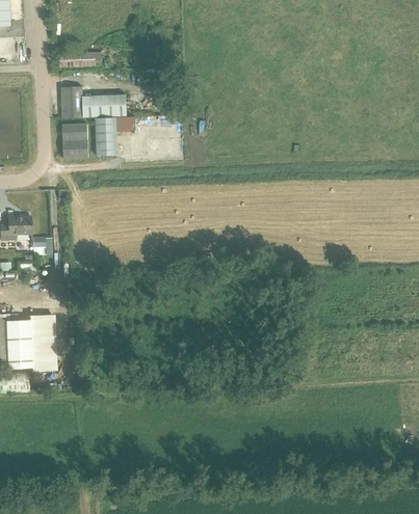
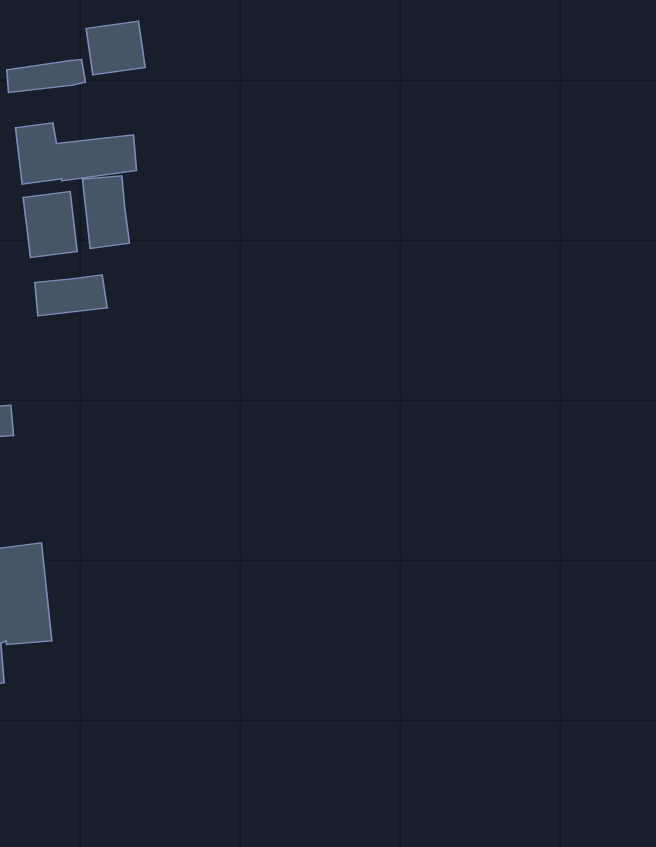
building: none -> [86,21,145,75]
building: none -> [35,275,107,316]

